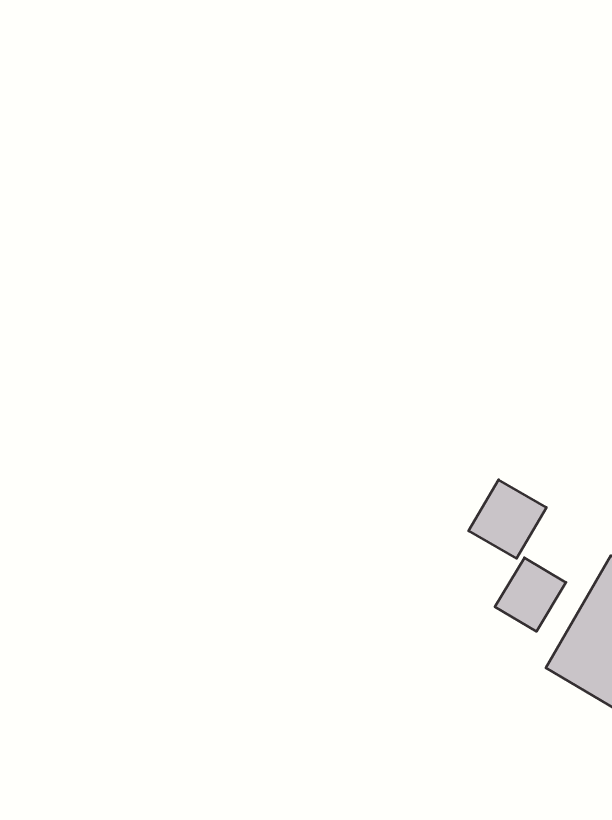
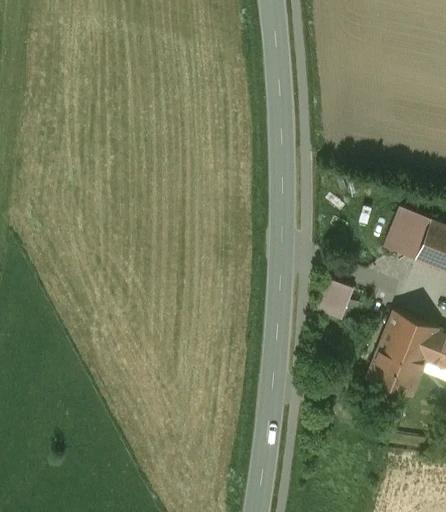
building: [495,558,566,631] -> none

